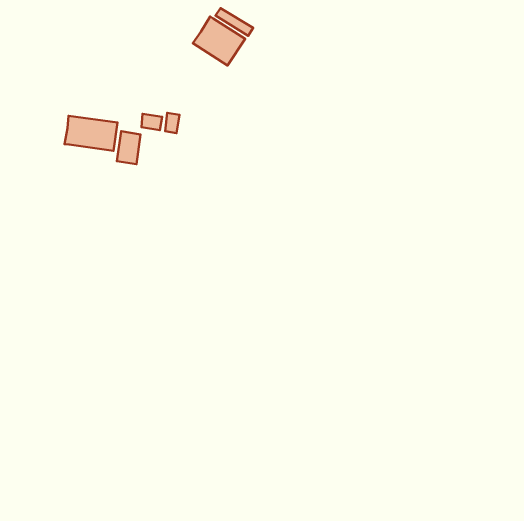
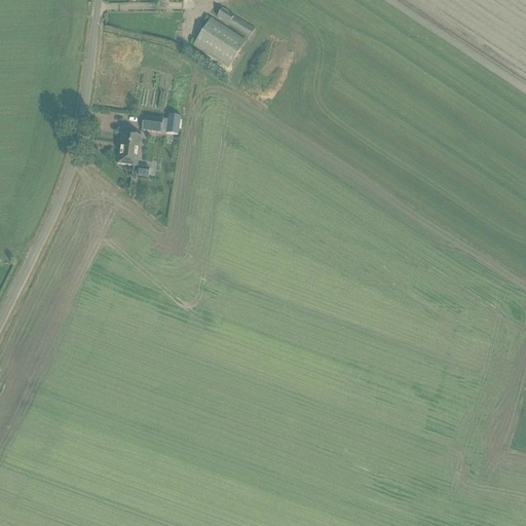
building: [65,116,117,151] -> none

